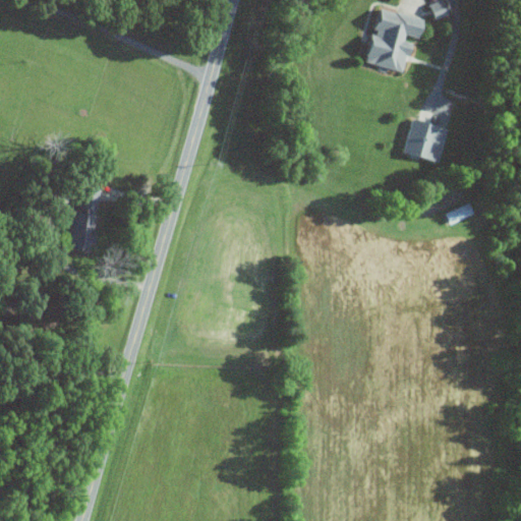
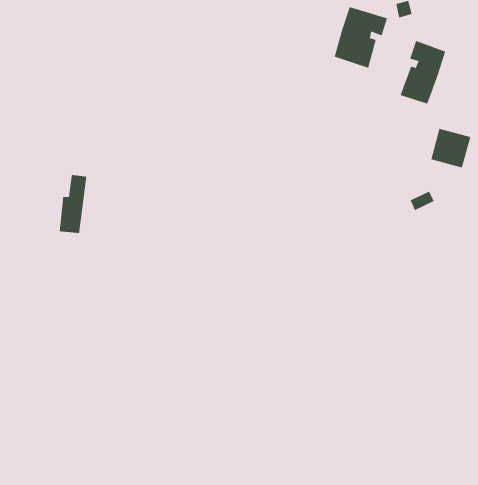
building: none -> [400,40,446,104]
building: [405,120,449,163] -> [430,128,471,168]

